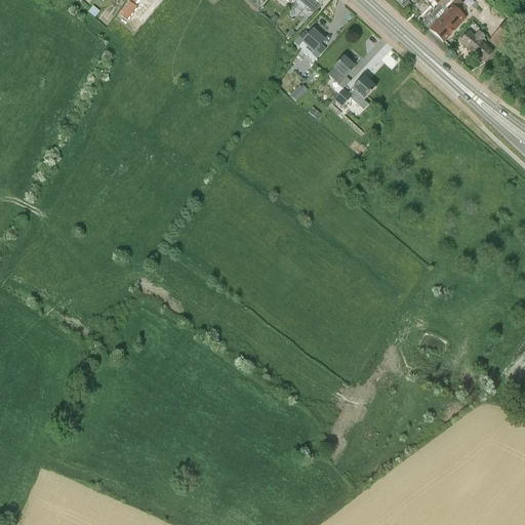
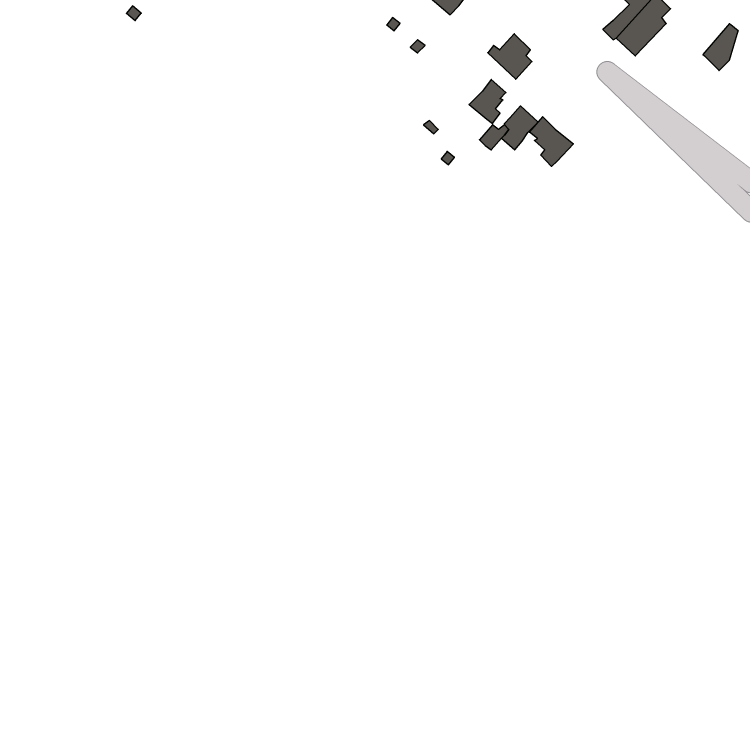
building: [295,28,326,59] -> [488,34,532,79]
building: [460,29,493,60] -> none
building: none -> [529,117,573,166]

